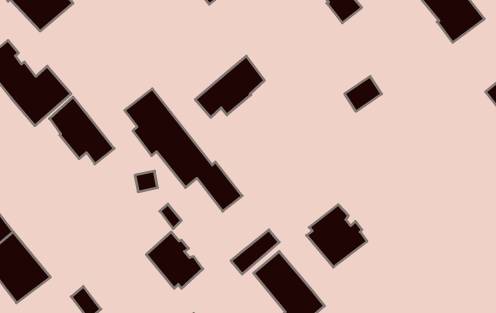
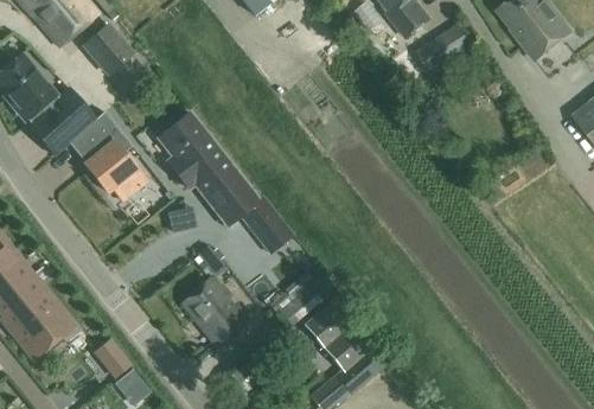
building: none -> [84,24,133,74]
building: [195,56,264,117] -> none
building: [345,76,382,111] -> [419,31,461,71]
building: [306,205,367,267] -> none

